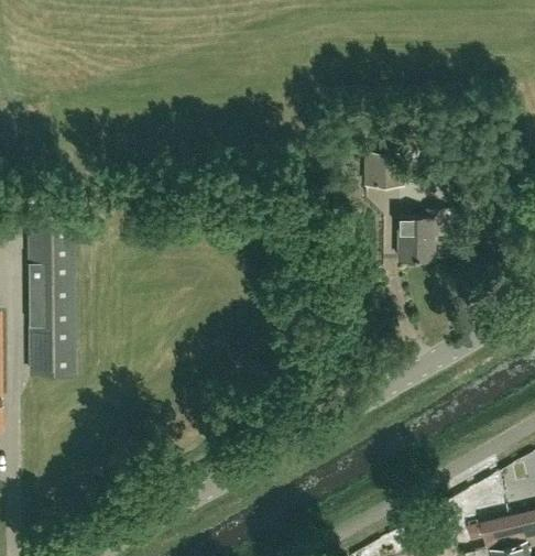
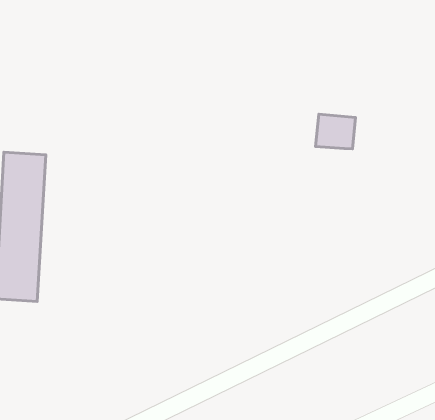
building: [398,212,445,261] -> none

